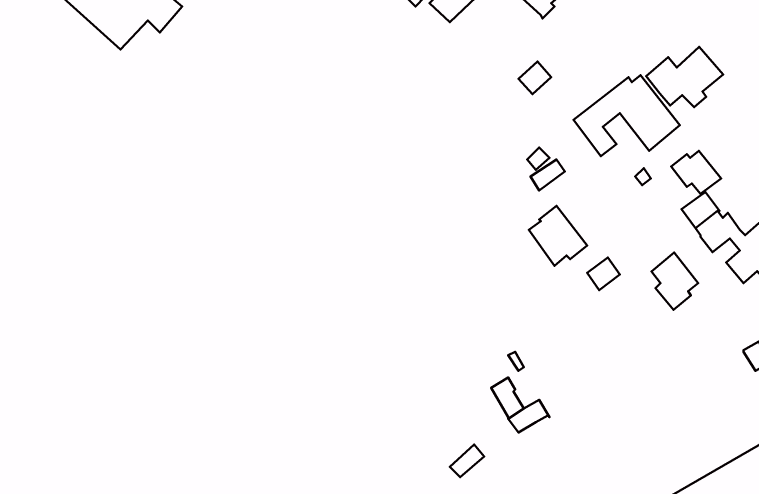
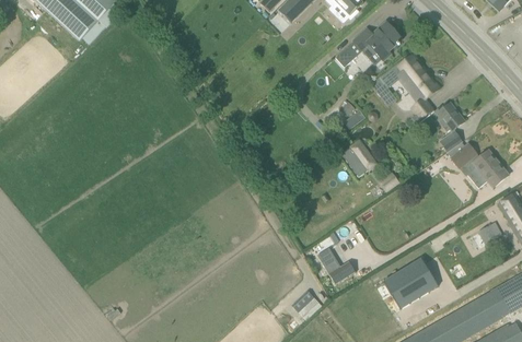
building: [646,47,723,107] -> [352,21,402,59]
building: [652,252,698,310] -> none
building: none -> [383,257,438,307]

